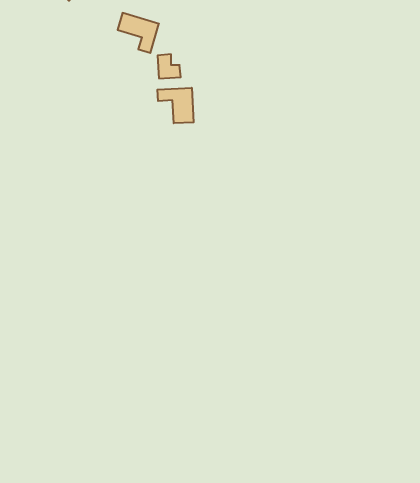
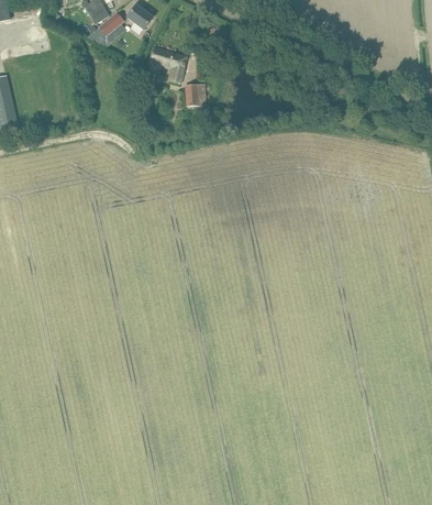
building: [157,88,194,123] -> none

